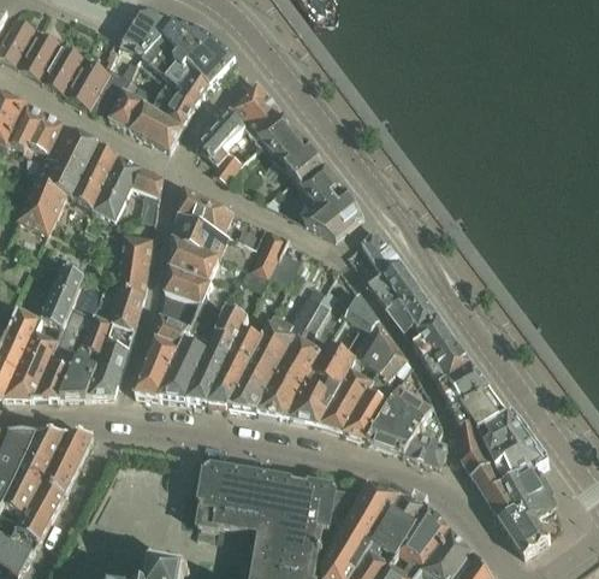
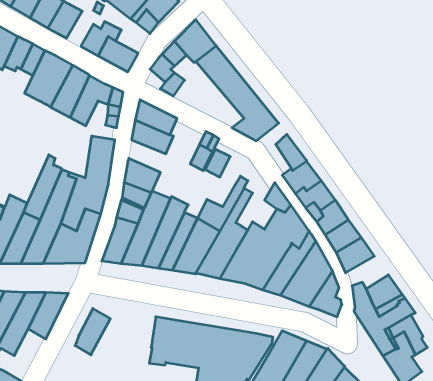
building: [153,83,194,125] -> none
building: [16,177,65,232] -> none
building: [170,237,219,278] -> none
building: [450,388,505,430] -> none
building: [17,481,63,542] -> [75,308,110,355]

